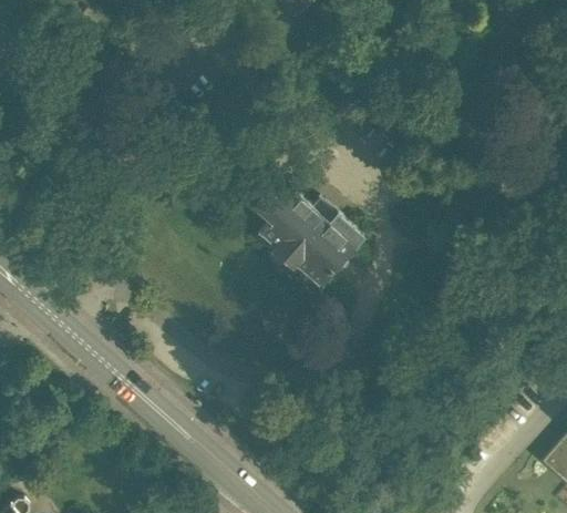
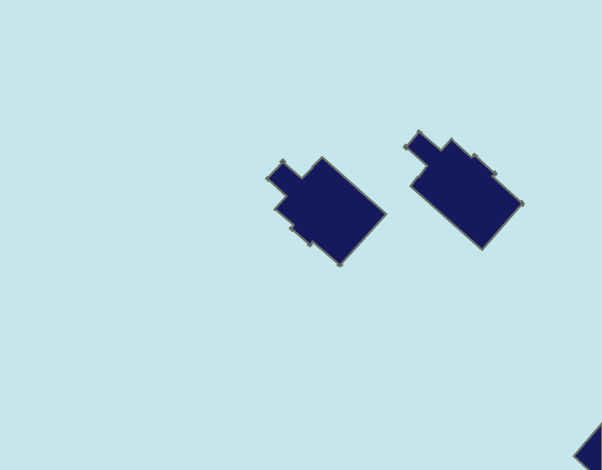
building: none -> [404,130,524,250]

